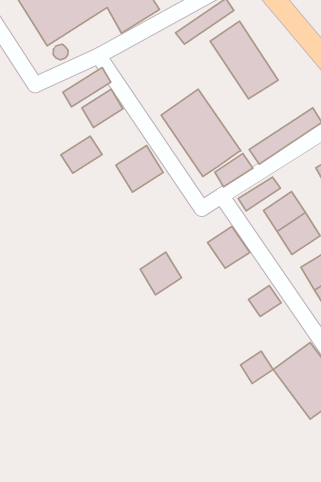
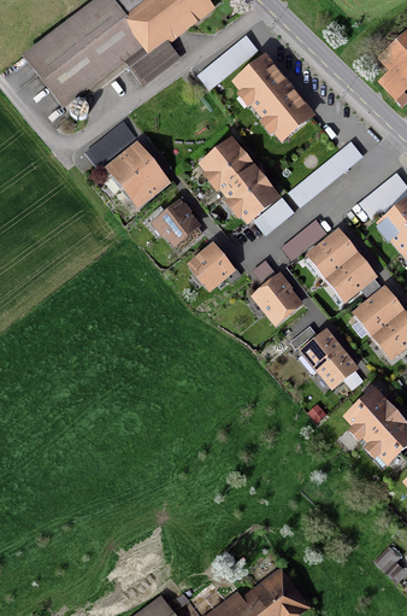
building: [61,136,102,173] -> [122,164,165,205]
building: [140,252,181,295] -> [188,244,232,289]
building: [240,351,273,383] -> [318,351,353,386]

